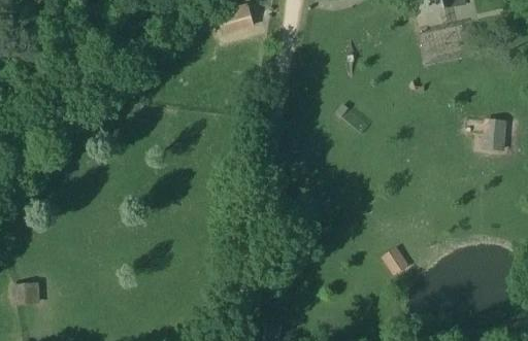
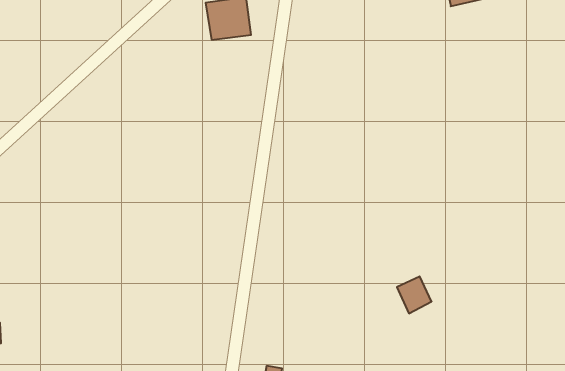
building: [483,117,507,149] -> none

